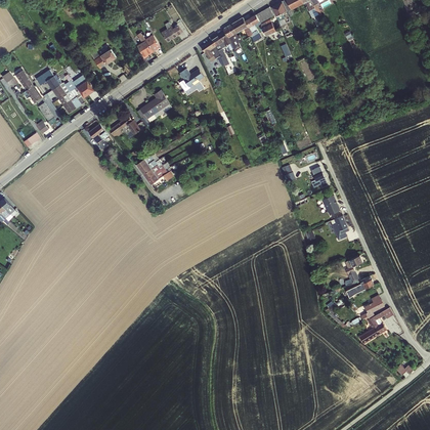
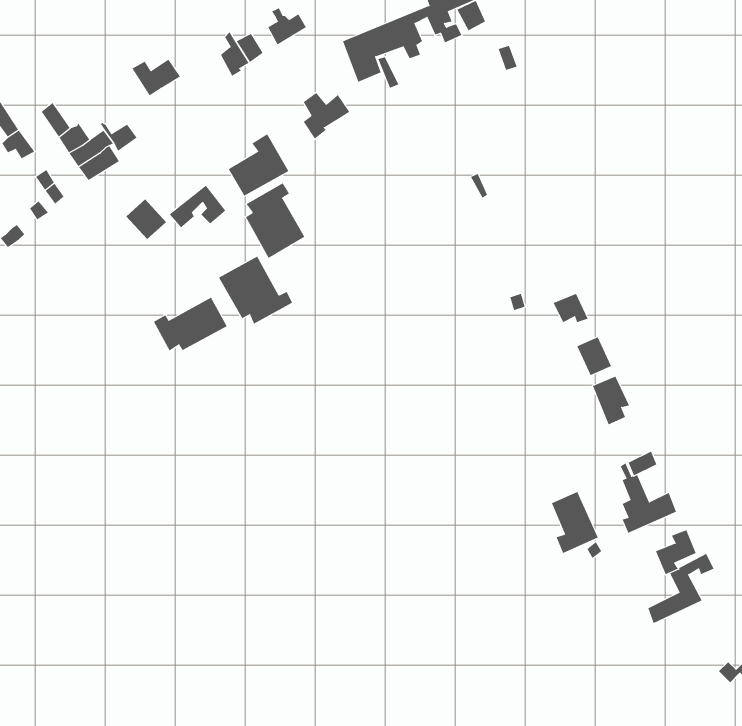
building: none -> [245,182,305,259]
building: none -> [153,297,228,351]
building: none -> [551,491,599,554]

